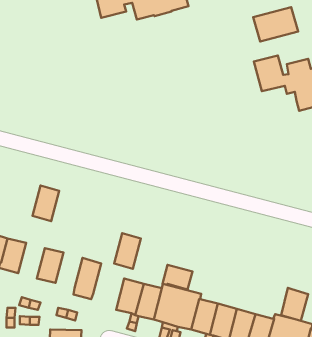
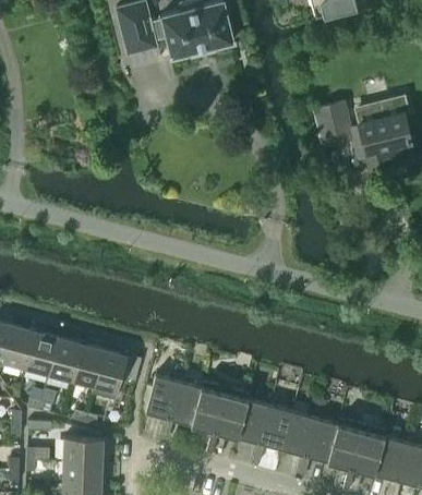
building: [253,7,298,42] -> none
building: [33,186,59,221] -> [25,331,58,375]
building: [114,233,141,269] -> [71,343,104,387]
building: [163,265,192,289] -> none
building: [281,288,308,321] -> none

